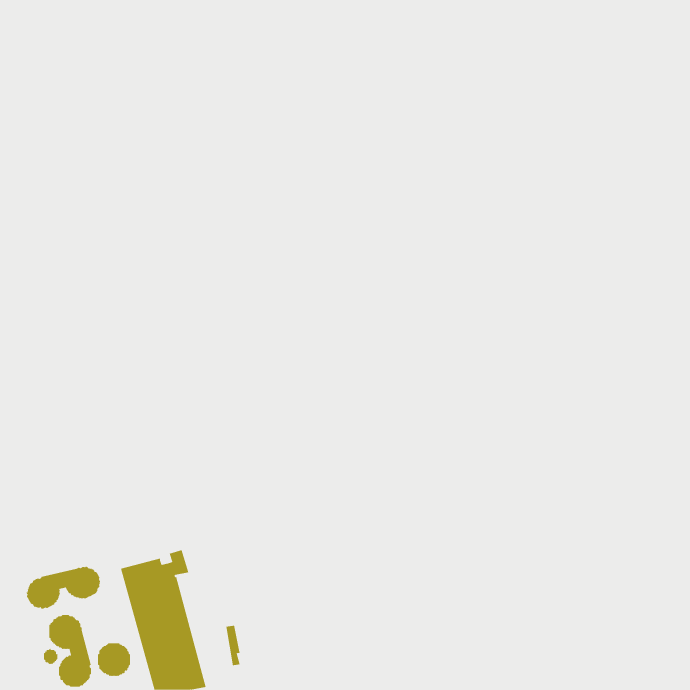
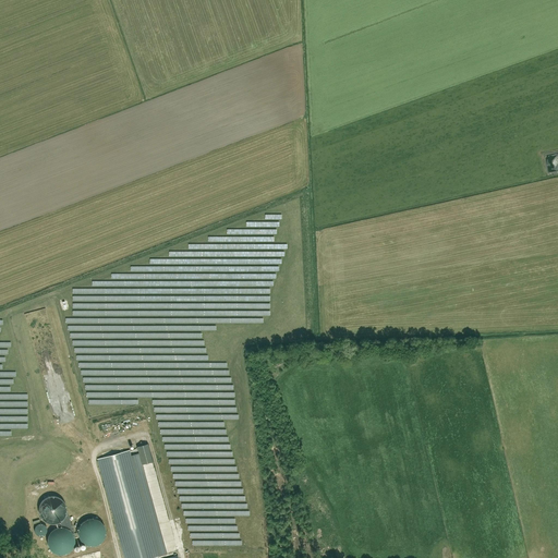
building: [26,566,101,610] -> none

